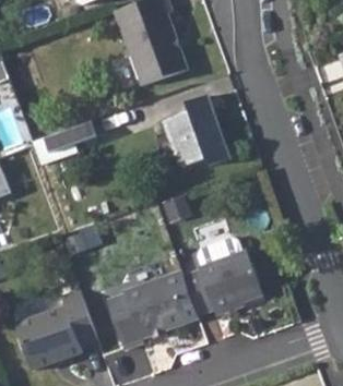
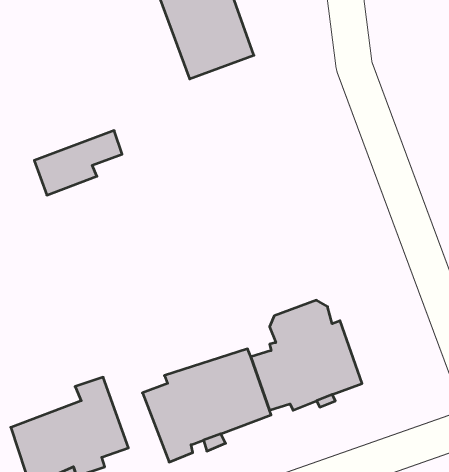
building: [165,95,230,166] -> none

